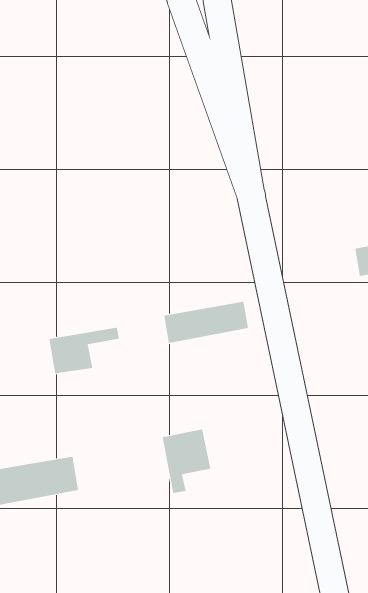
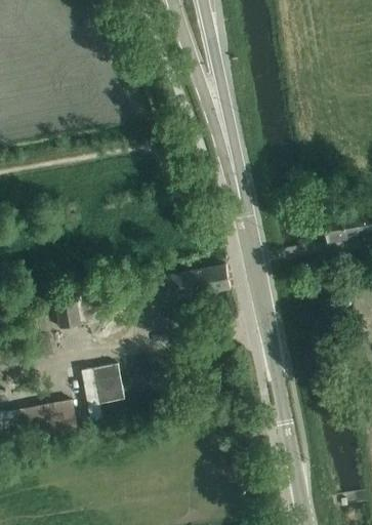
building: [162,429,211,493] -> [82,363,125,419]

